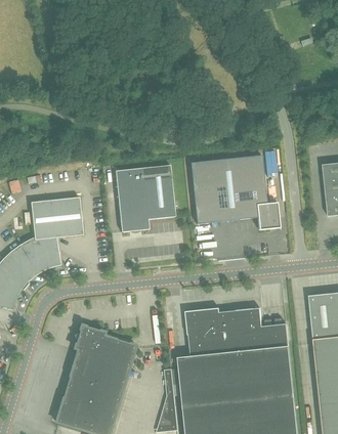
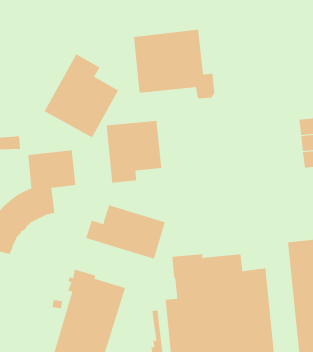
building: none -> [44,53,119,138]
building: [191,155,279,229] -> [133,29,215,99]
building: none -> [85,205,165,260]

